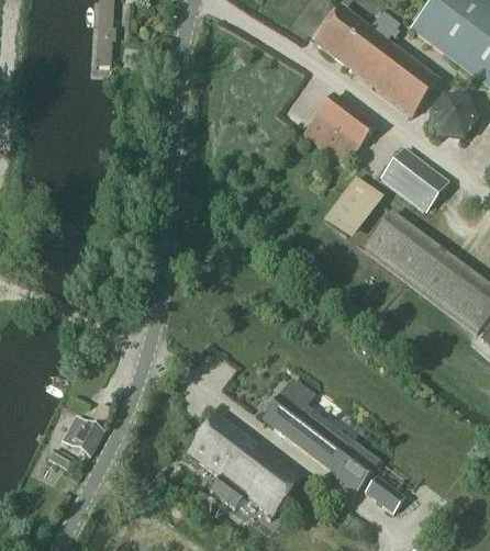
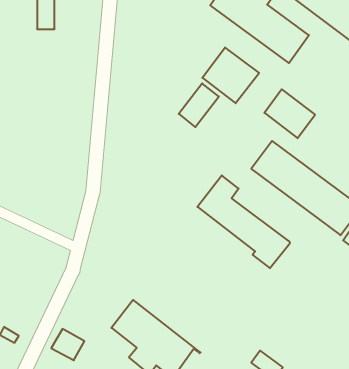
building: [427,94,477,140] -> none
building: [324,178,375,233] -> [179,83,219,127]
building: [263,378,379,494] -> [197,175,290,268]
building: [62,414,103,453] -> [51,329,84,360]

